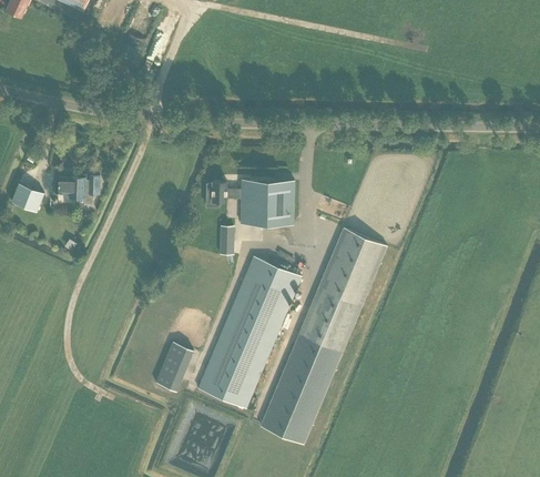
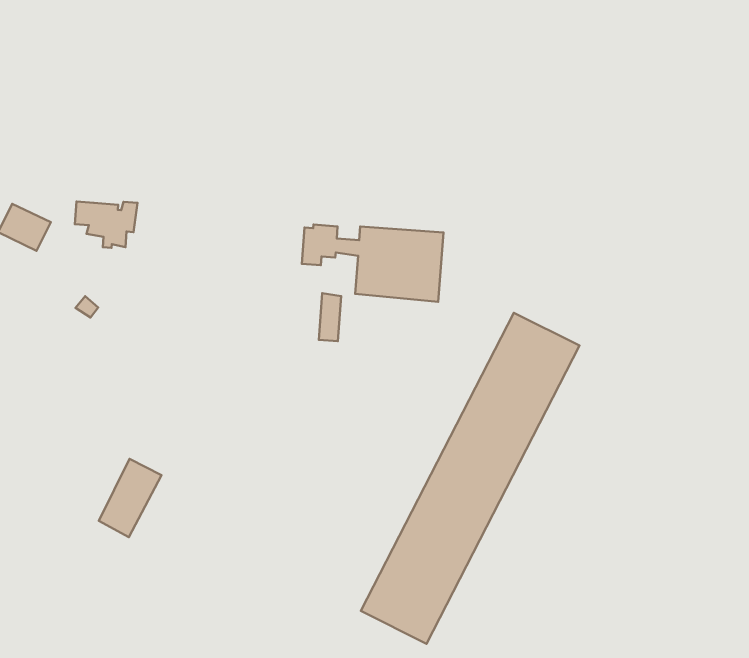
building: [198,255,302,407] -> none
building: [156,341,194,390] -> [99,459,161,537]

